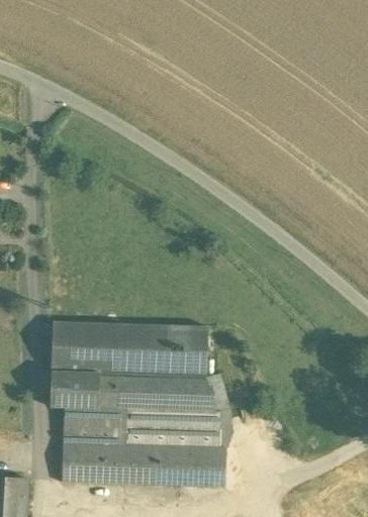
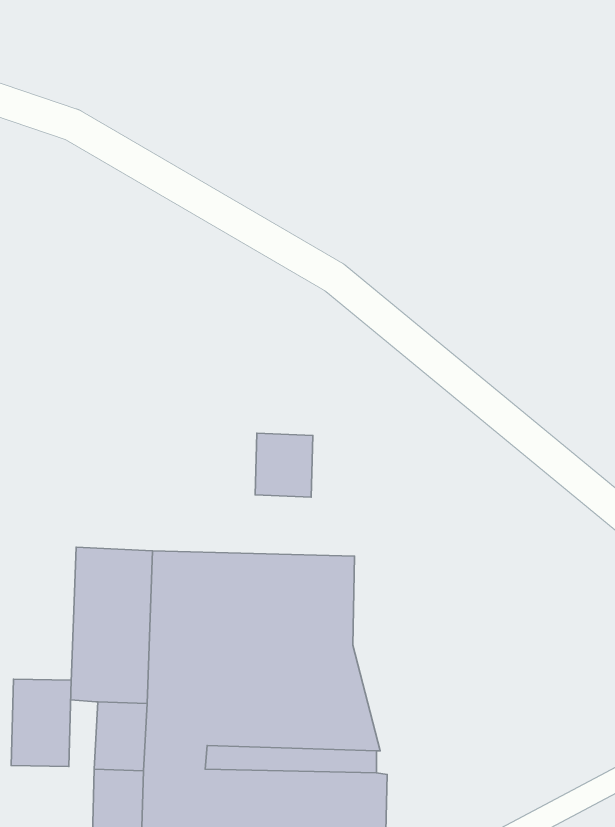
building: none -> [255,433,313,497]
building: none -> [11,679,71,766]

